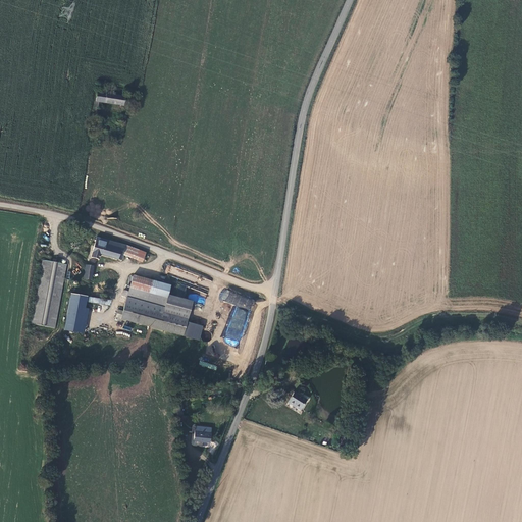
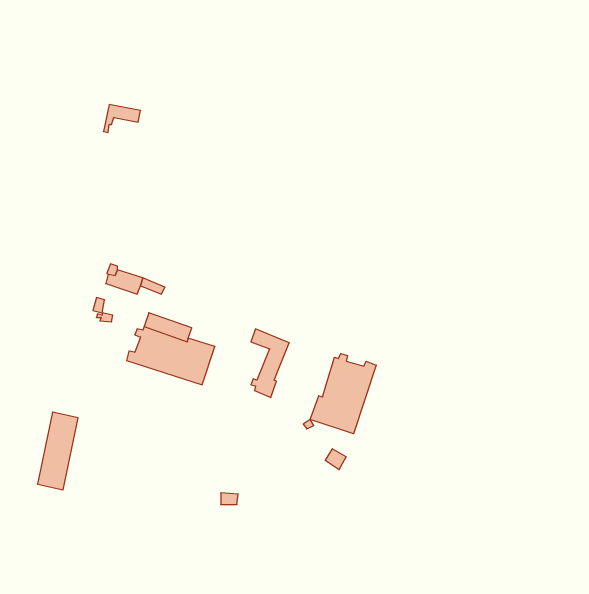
building: [29,257,64,325] -> [37,412,78,490]
building: [68,293,93,334] -> none
building: none -> [310,354,376,434]

